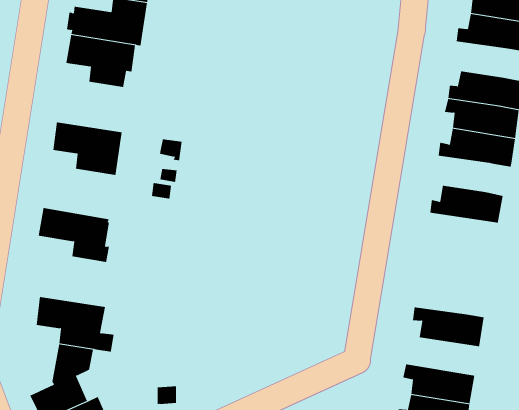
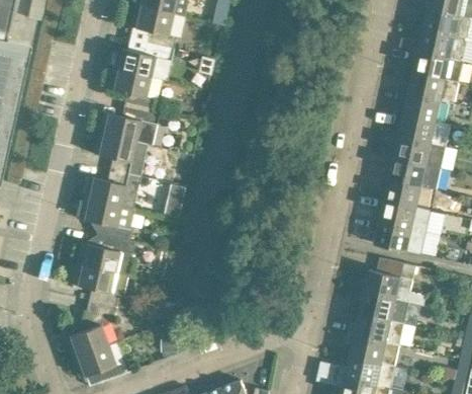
building: none -> [400,93,441,123]
building: none -> [98,105,160,146]
building: none -> [381,178,421,208]
building: none -> [84,170,140,210]
building: none -> [371,221,426,254]
building: none -> [77,236,130,275]
building: none -> [358,258,428,305]
building: none -> [349,314,405,345]

